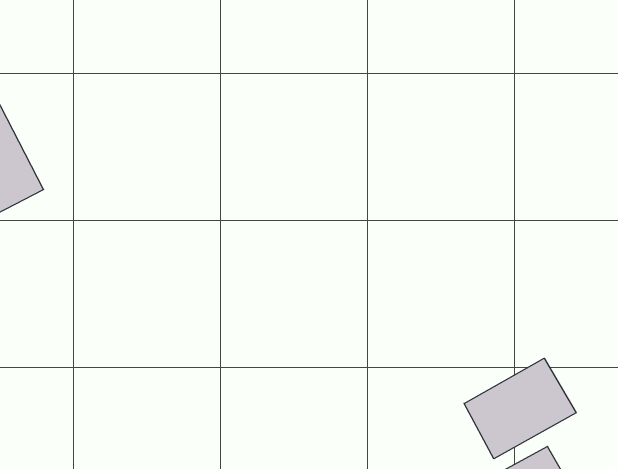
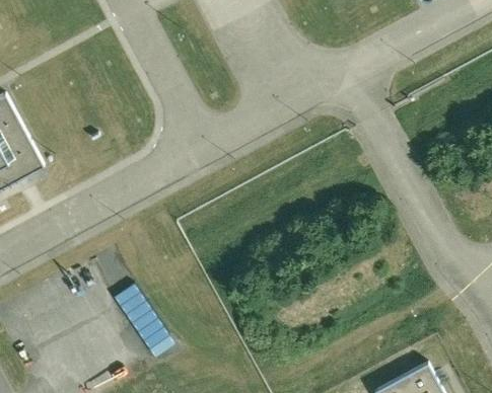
building: [464,358,576,459] -> none

